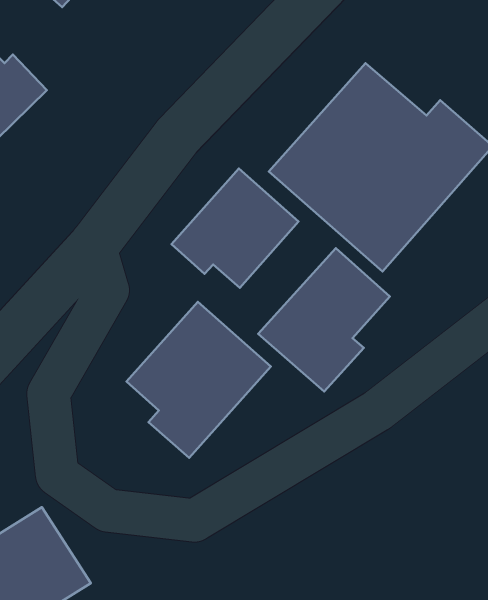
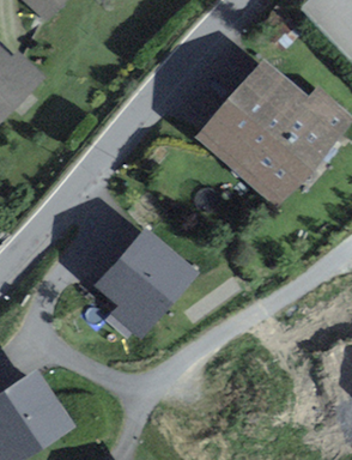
building: [172,168,299,288] -> none
building: [258,248,390,392] -> none

